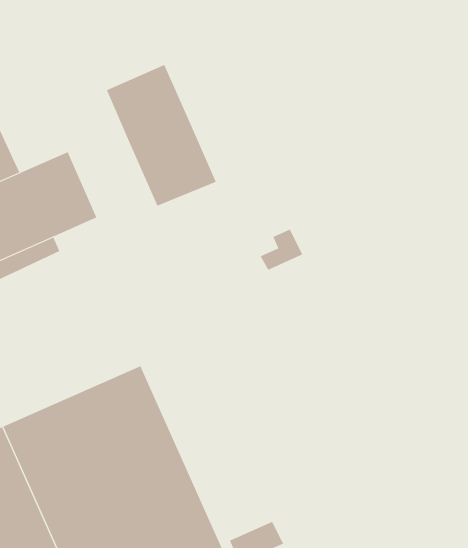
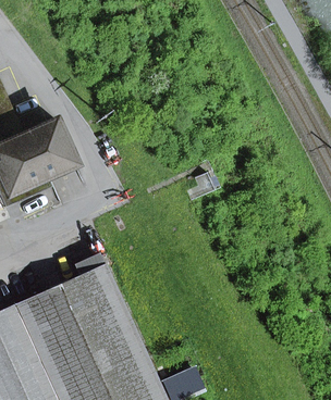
building: [106,64,217,206] -> none

